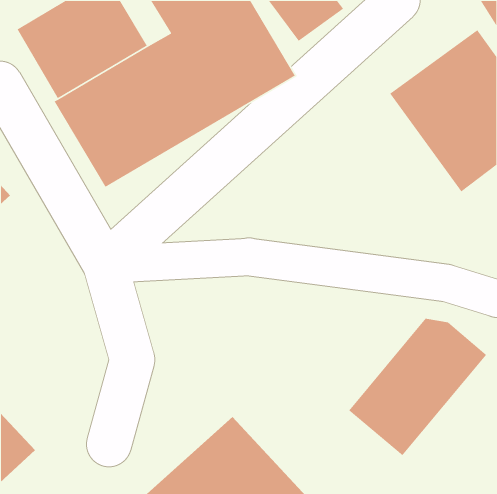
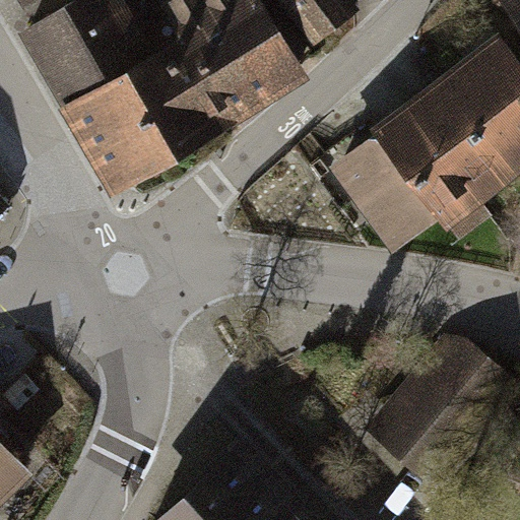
building: none -> [327,101,493,254]

